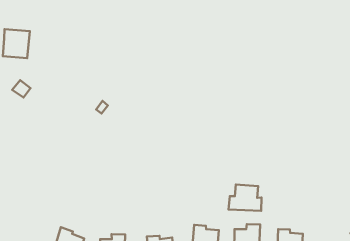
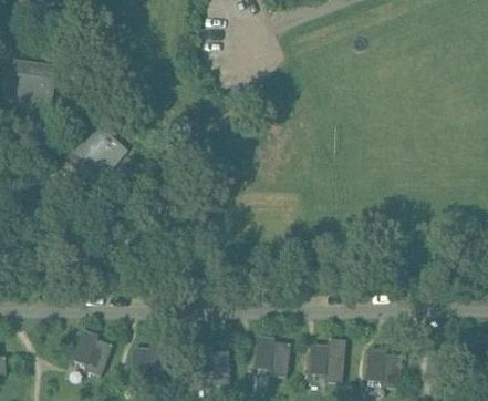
building: none -> [75,126,124,182]
building: [229,184,262,211] -> none

